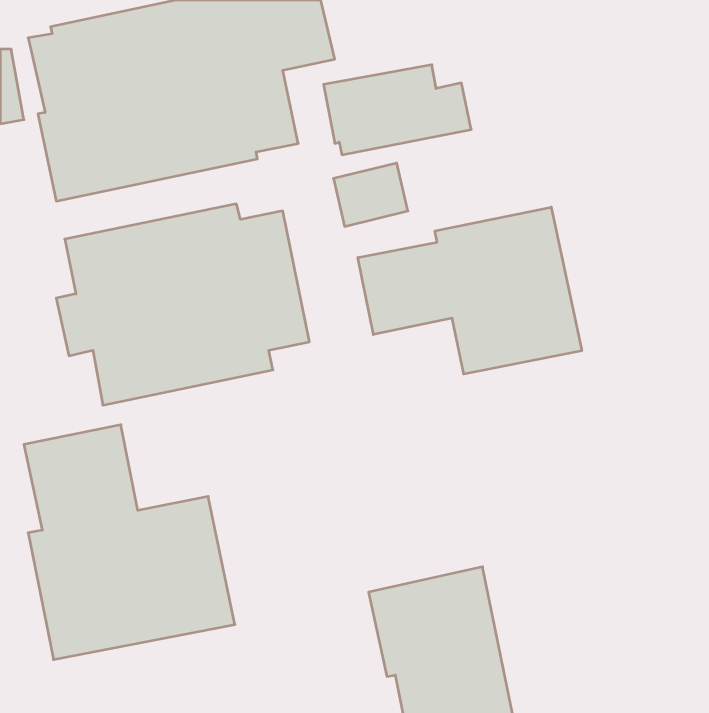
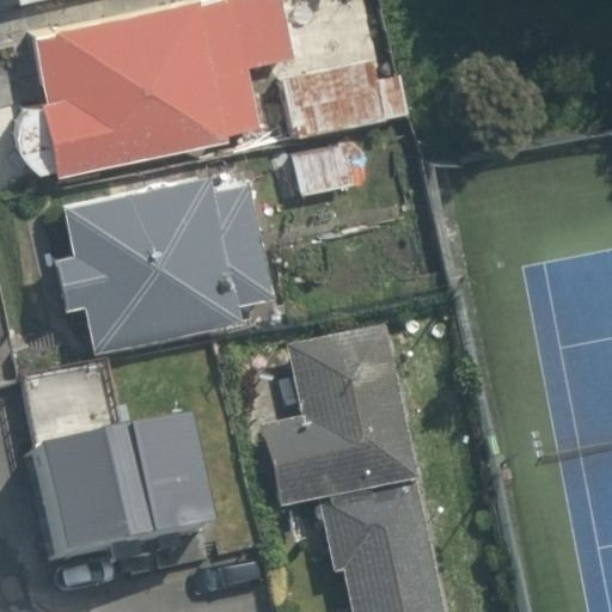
building: [358,207,582,374] -> none
building: none -> [264,333,418,516]

